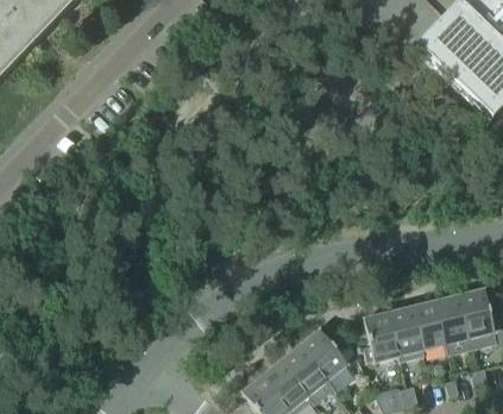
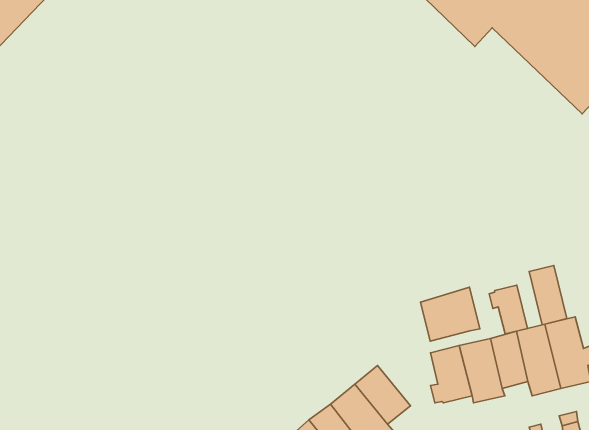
building: none -> [529,265,567,325]
building: none -> [489,285,527,334]
building: none -> [420,287,480,341]

